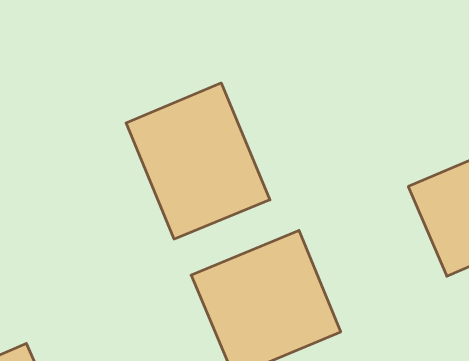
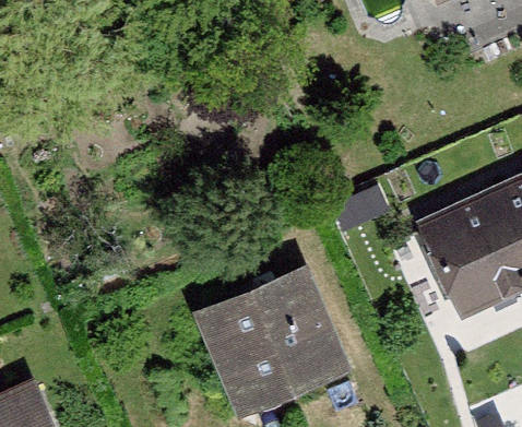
building: [126,83,270,239] -> none

